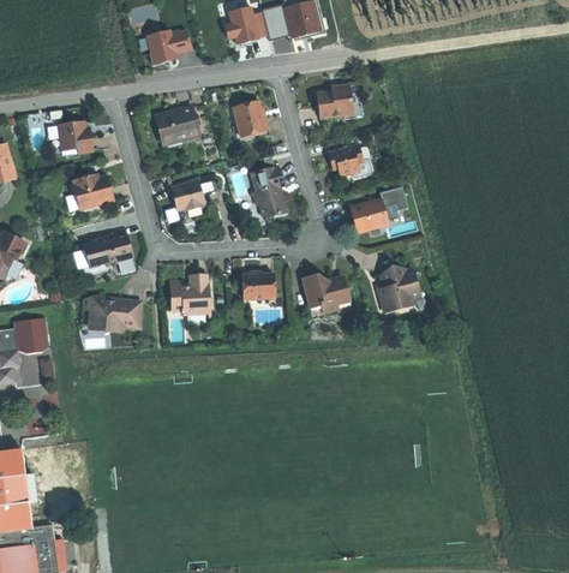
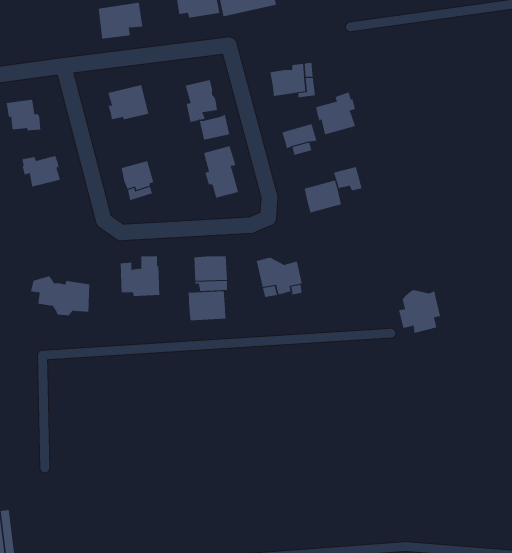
building: none -> [316,92,356,135]
building: none -> [199,114,230,141]
building: [83,227,132,267] -> none
building: [376,267,418,310] -> [398,289,441,333]
building: none -> [188,290,226,321]

